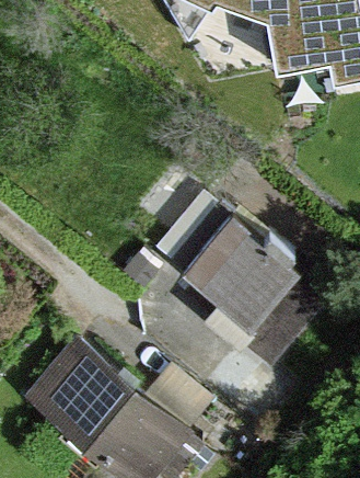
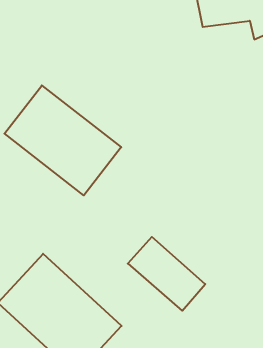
building: none -> [4,85,121,195]
building: [177,213,293,329] -> none

